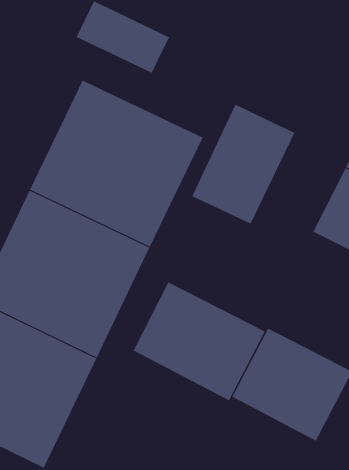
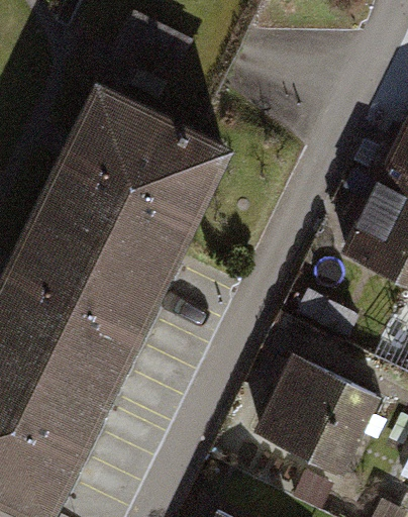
building: [192,104,295,224] -> none
building: [133,281,266,401] -> none

